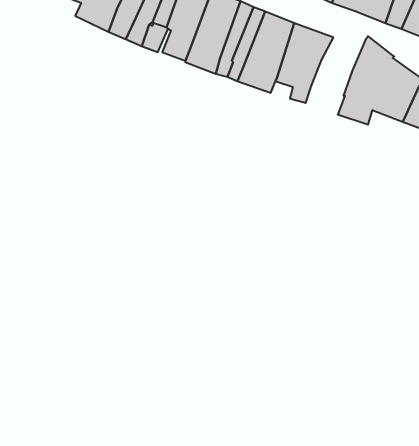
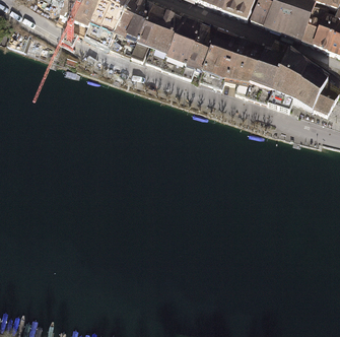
building: none -> [248,43,291,104]

